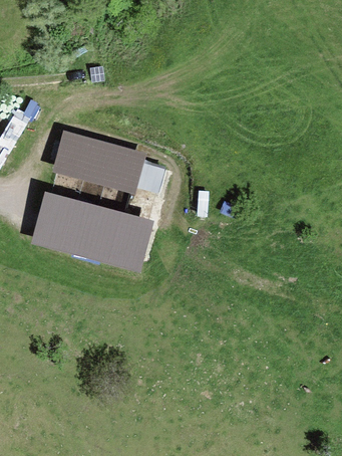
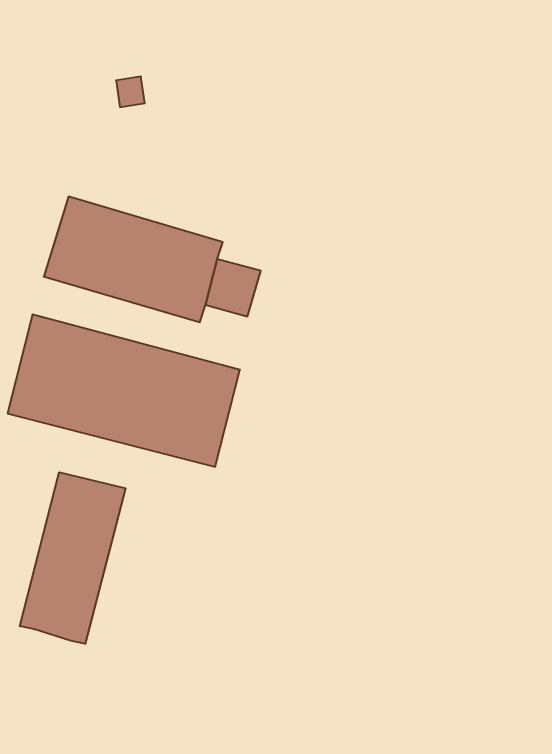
building: none -> [20,472,126,644]

